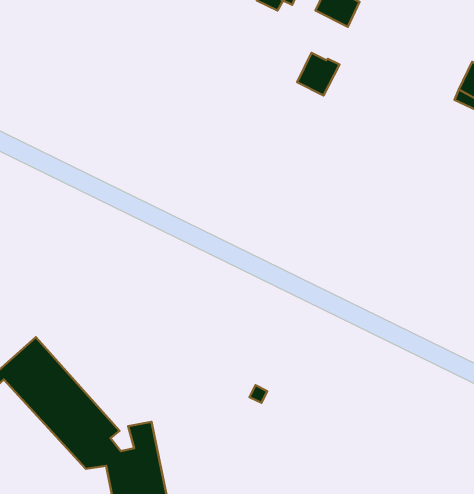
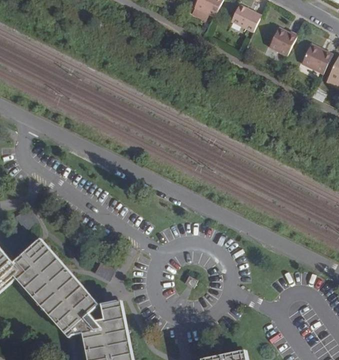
building: none -> [300,43,330,73]
building: [297,53,339,95] -> [267,26,296,55]

